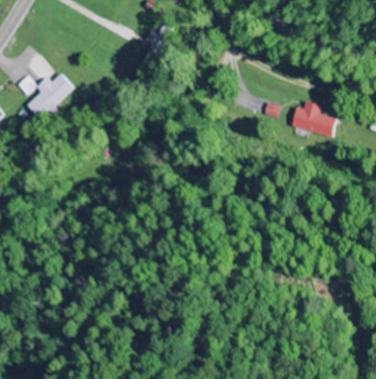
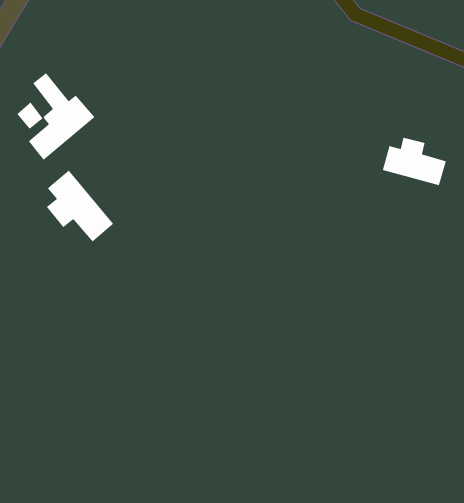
building: none -> [46,170,114,242]

